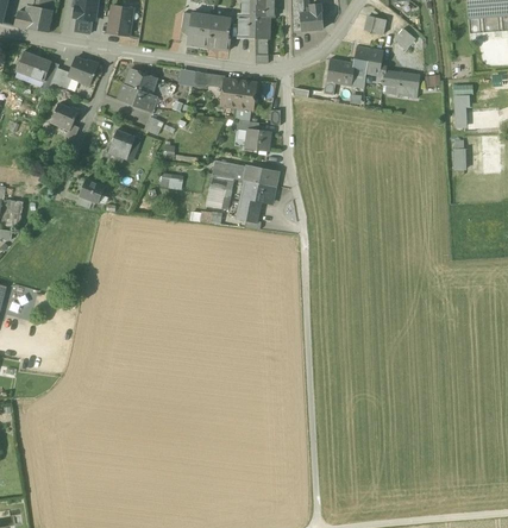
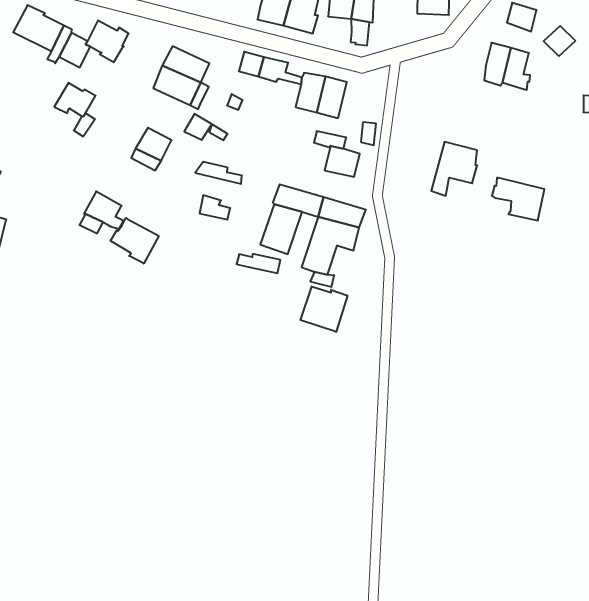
building: [324,58,355,96] -> [431,142,477,196]
building: [382,70,419,98] -> [492,178,544,220]
building: none -> [111,218,159,264]
building: none -> [300,286,347,332]

